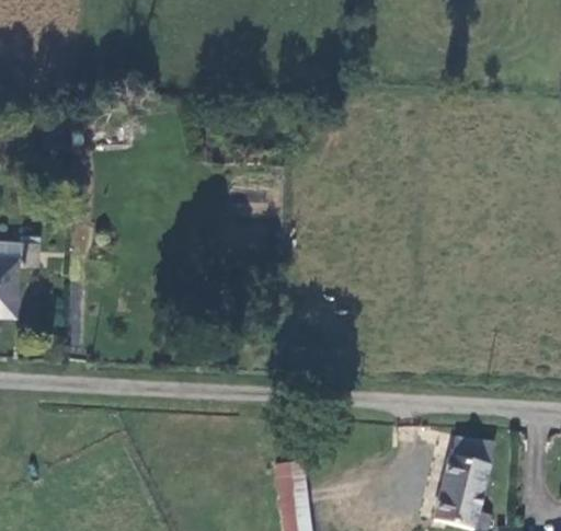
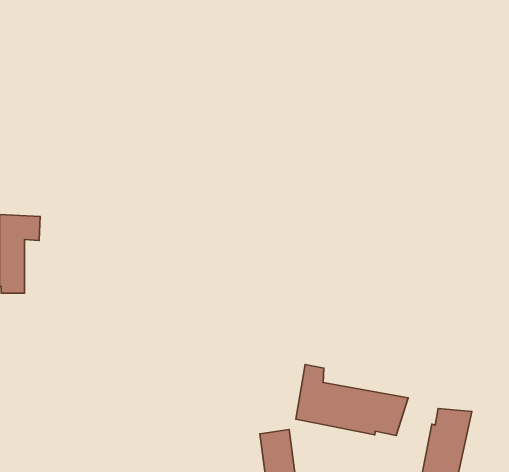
building: none -> [296,365,408,436]

